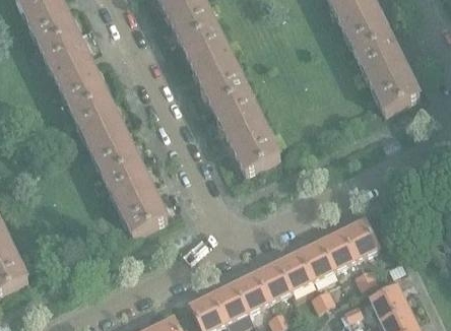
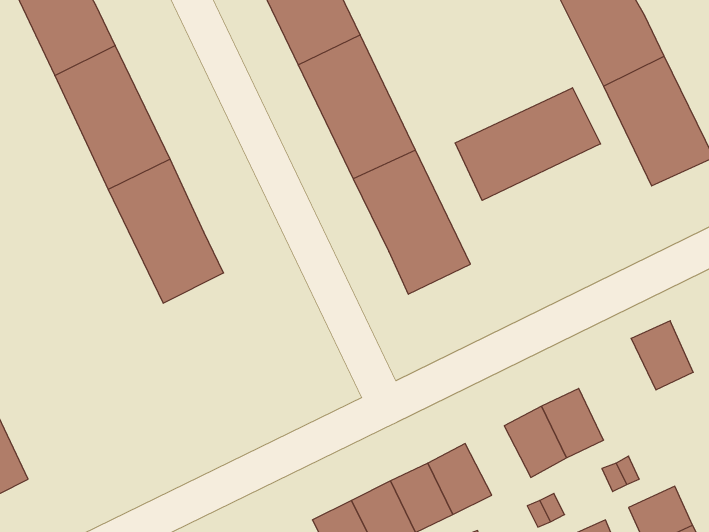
building: none -> [455,88,601,200]
building: [105,163,167,238] -> none
building: [342,219,378,259] -> [631,321,693,390]
building: [277,251,315,290] -> none

